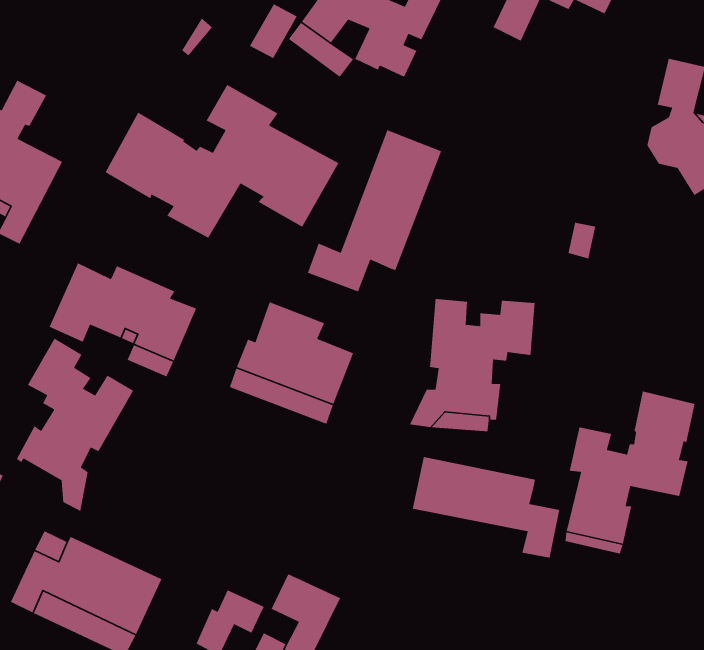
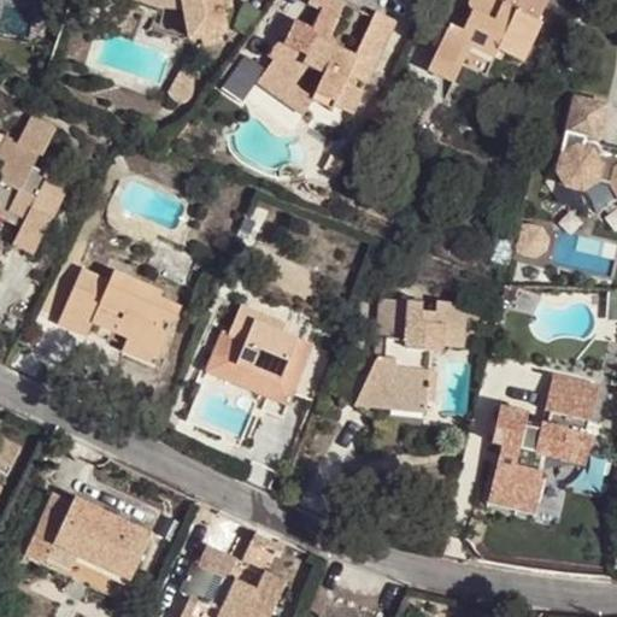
building: [105,84,339,239] -> none
building: [307,129,442,293] -> none
building: [16,338,134,512] -> none
building: [412,456,560,559] -> none

